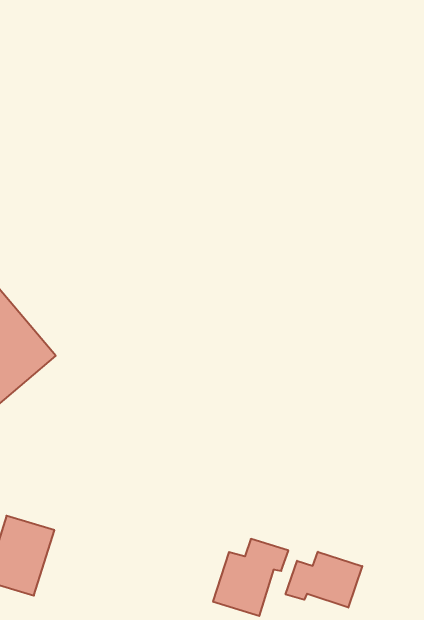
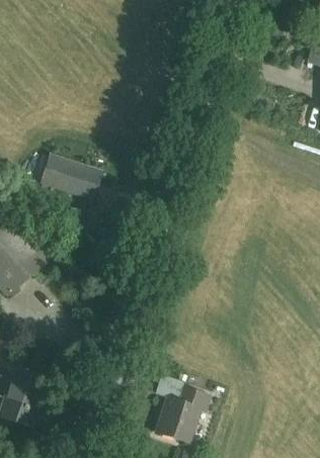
building: none -> [37,153,100,199]
building: [286,552,362,608] -> none

